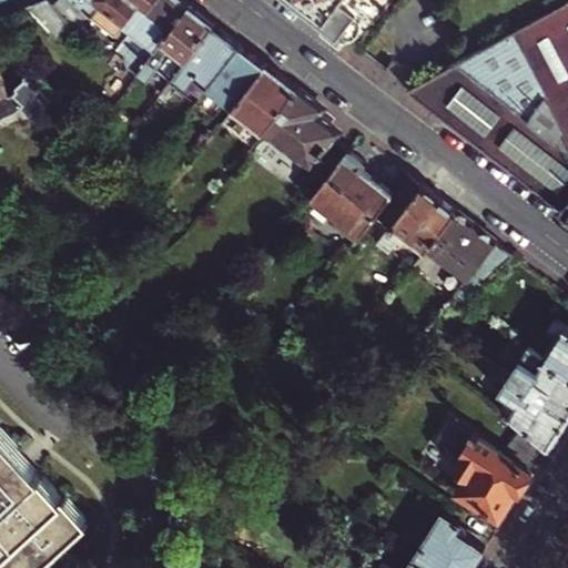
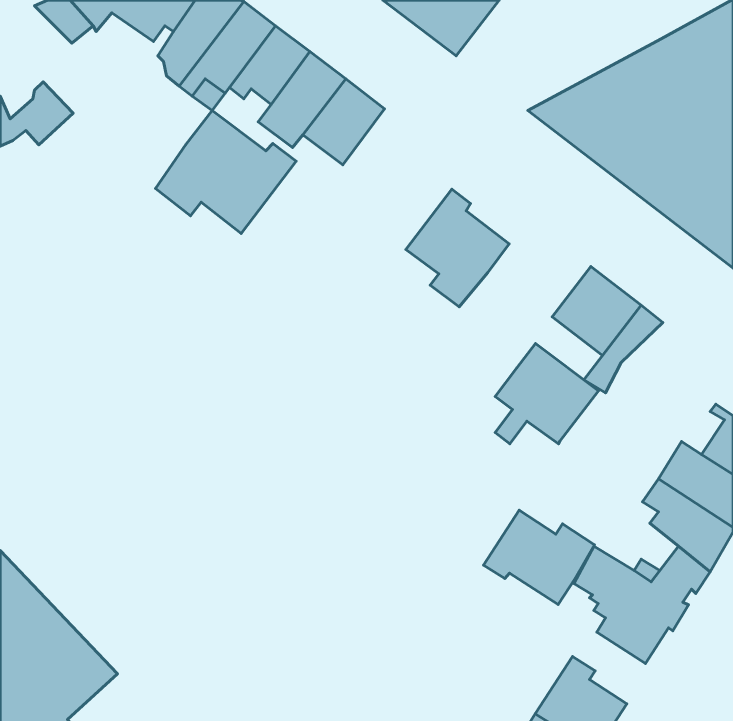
building: [265,93,349,202] -> none
building: none -> [155,110,296,233]
building: [377,179,457,256] -> [495,344,599,444]
building: none -> [484,510,595,604]

